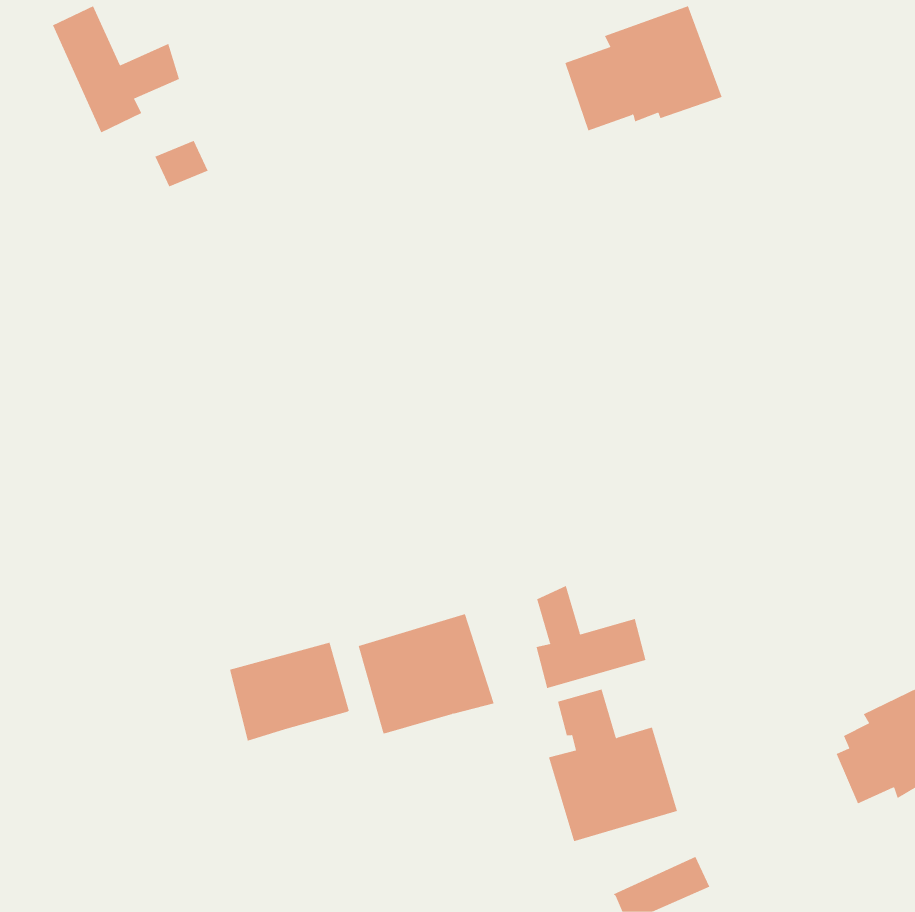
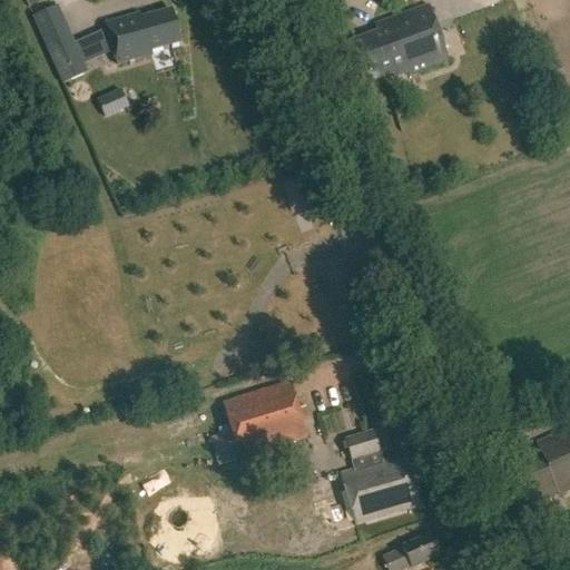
building: none -> [106,6,180,61]
building: [536,585,646,689] -> none
building: [229,642,350,742] -> none

